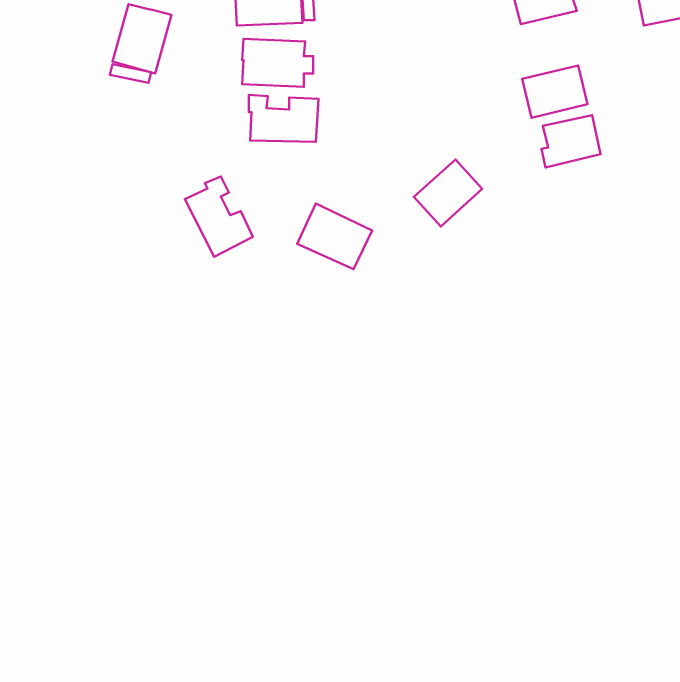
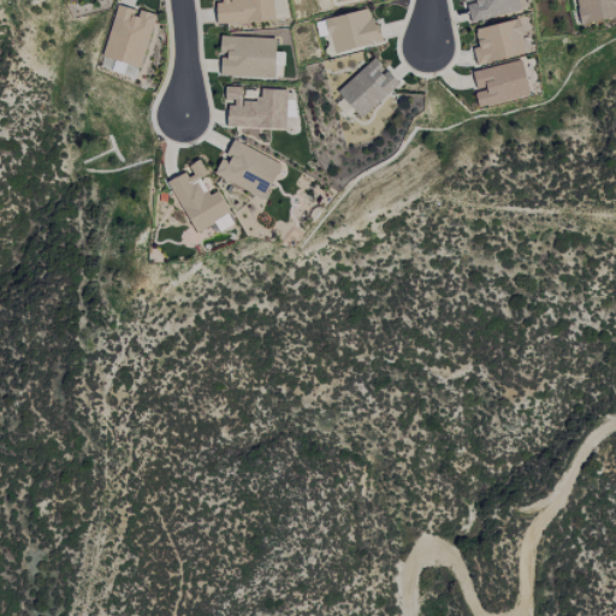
building: none -> [327,7,383,52]
building: [541,115,600,167] -> [475,18,528,65]
building: [414,160,482,226] -> [339,57,401,117]
building: [297,204,372,269] -> [217,138,284,197]

